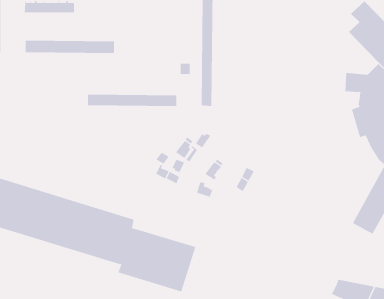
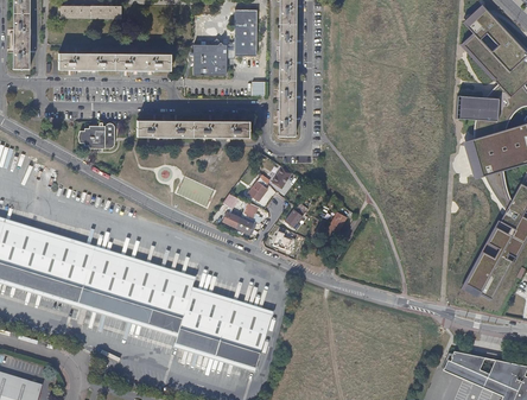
building: none -> [193,9,256,75]
building: none -> [77,122,114,148]

